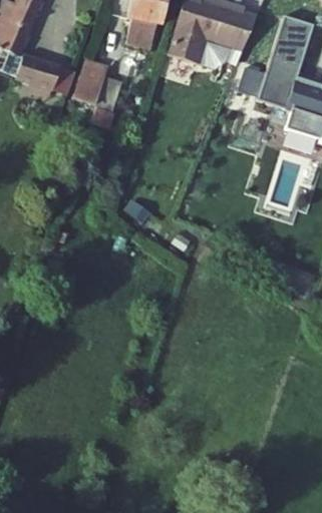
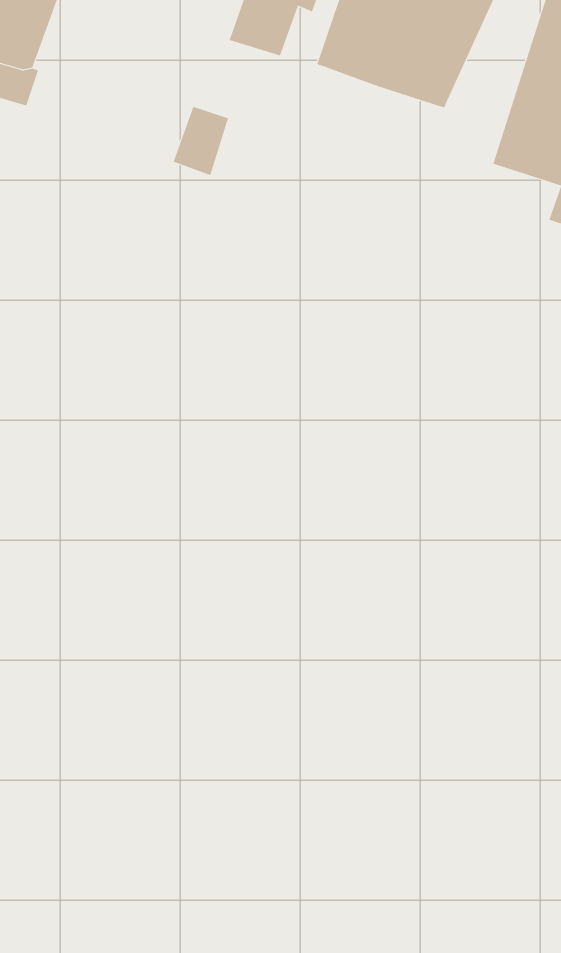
building: [20,56,67,91] -> none
building: [72,60,106,102] -> none

